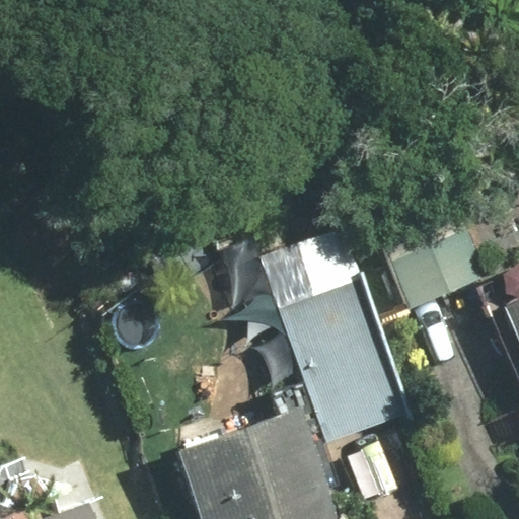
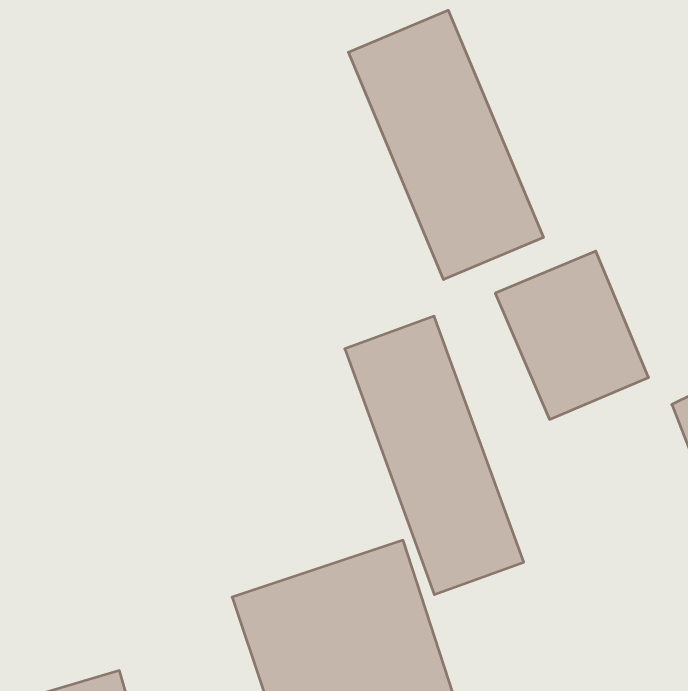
building: none -> [348,10,543,280]

